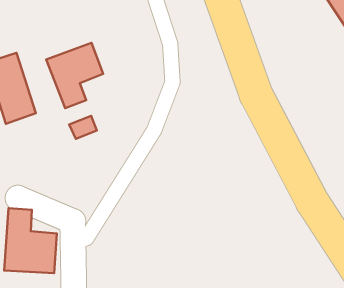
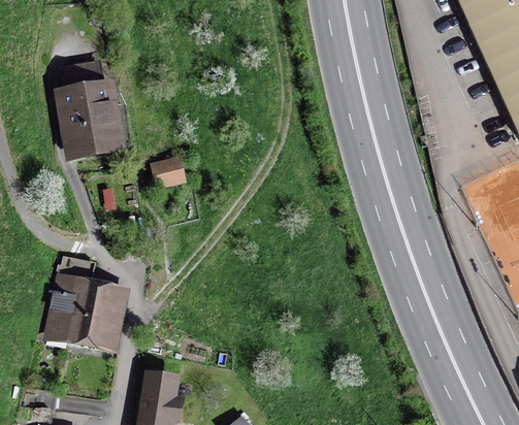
building: [46,43,103,108] -> none

